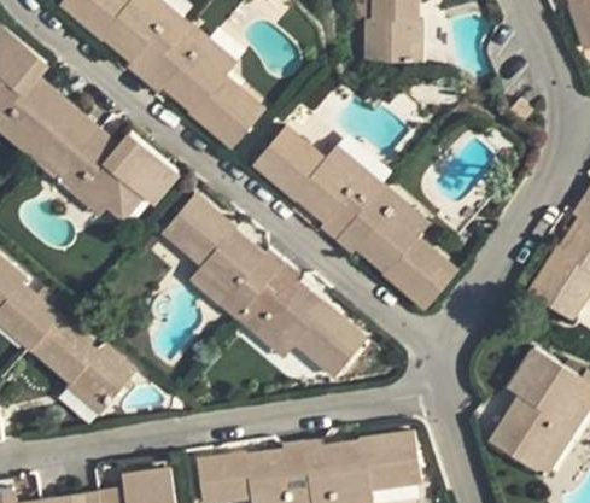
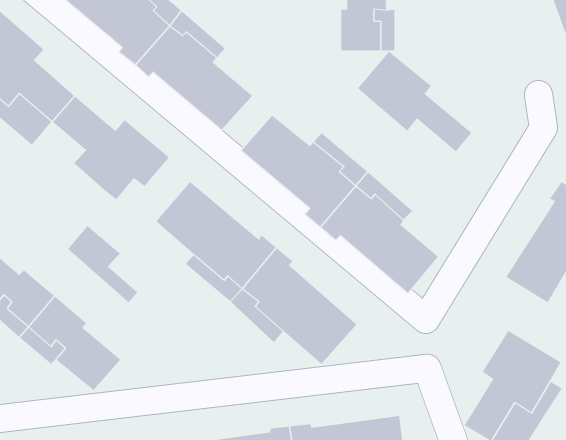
building: none -> [357,51,472,152]
building: [41,136,113,216] -> [67,225,138,303]

